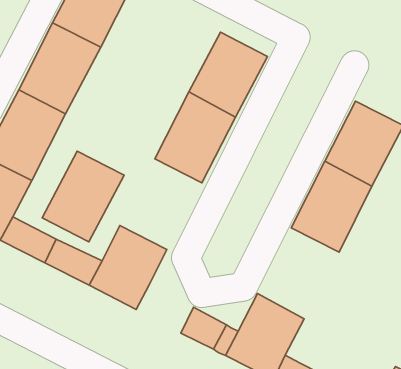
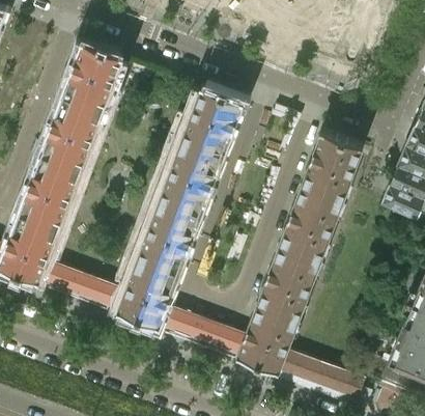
building: [42,151,124,242] -> [137,197,201,272]
building: none -> [258,242,322,316]
building: none -> [159,303,206,340]

